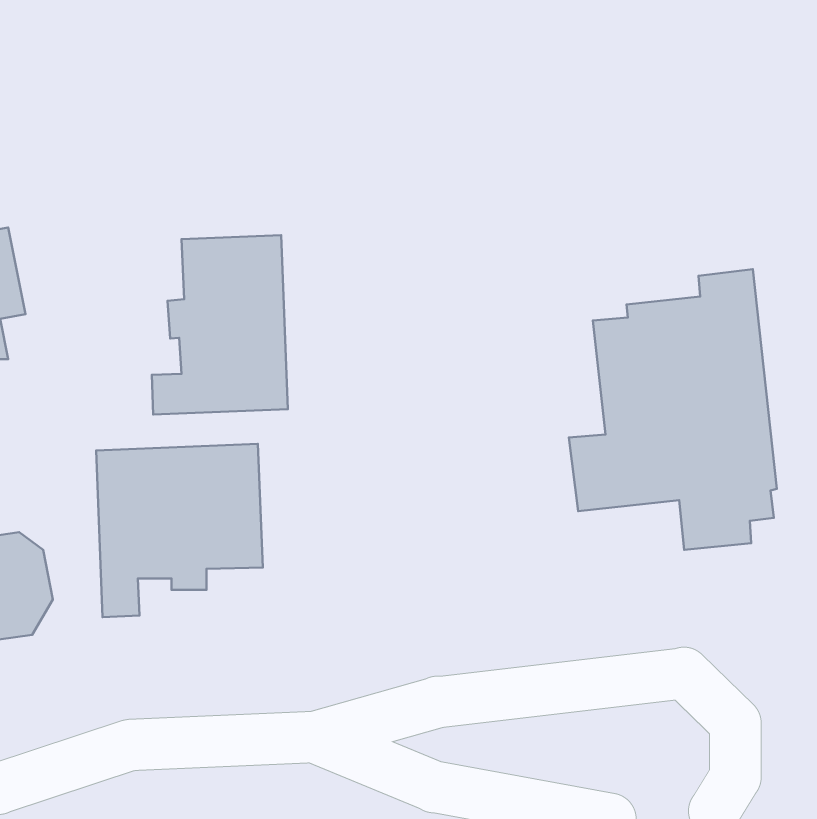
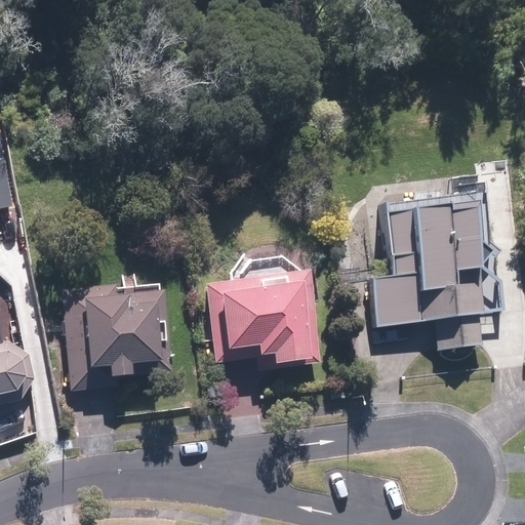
building: [152,235,288,414] -> none
building: none -> [206,257,319,366]

